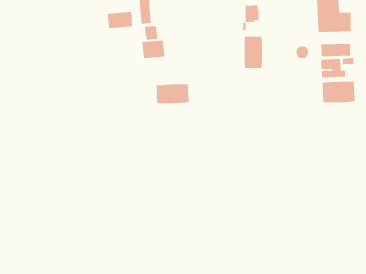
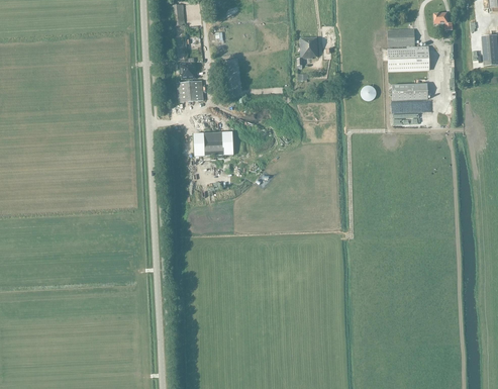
building: [107,11,133,29] -> none
building: [244,36,262,69] -> none
building: [322,81,355,103] -> none

